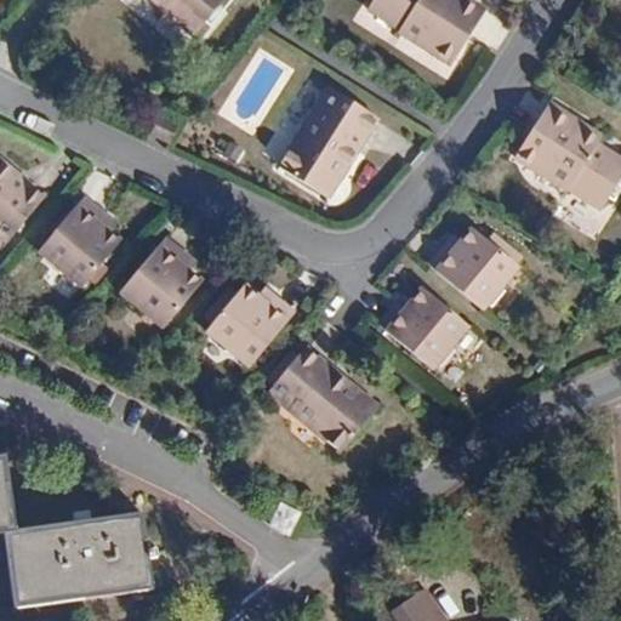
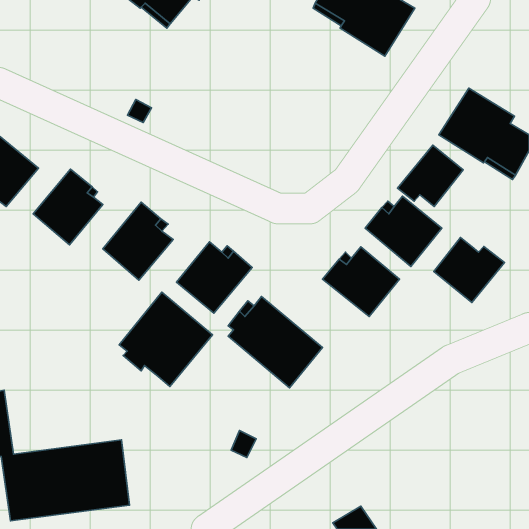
building: [277,87,376,199] -> none
building: none -> [398,145,463,206]
building: none -> [434,237,505,302]
building: none -> [119,292,213,386]

